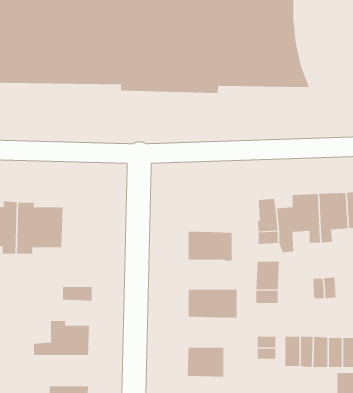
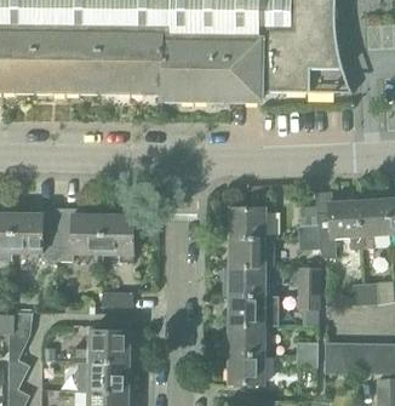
building: none -> [228,208,264,239]
building: none -> [102,213,133,262]
building: none -> [222,267,264,296]
building: none -> [228,324,264,354]
building: none -> [76,362,128,393]

